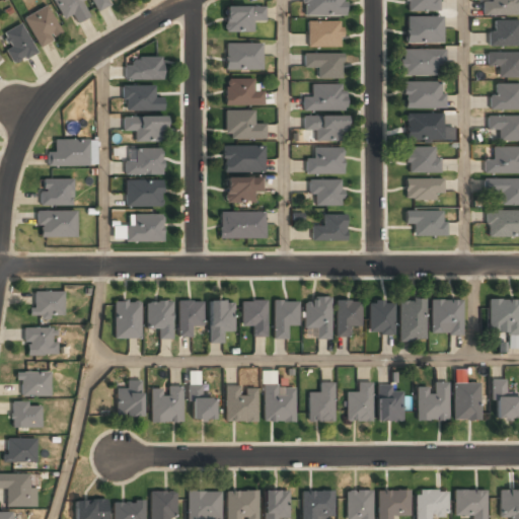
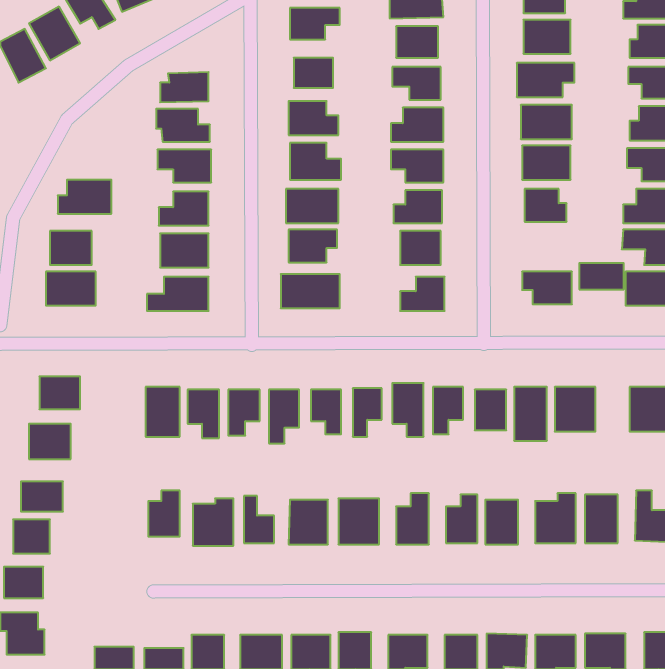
building: [407,178,442,199] -> [579,263,624,289]

